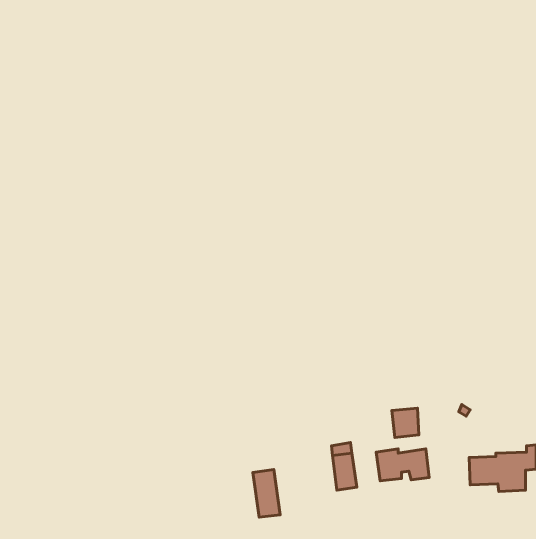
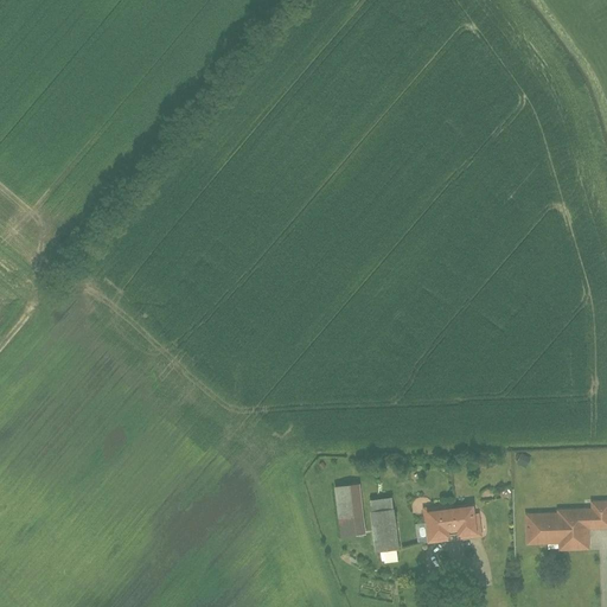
building: [392,408,419,438] -> none
building: [253,469,280,517] -> [334,484,365,537]

